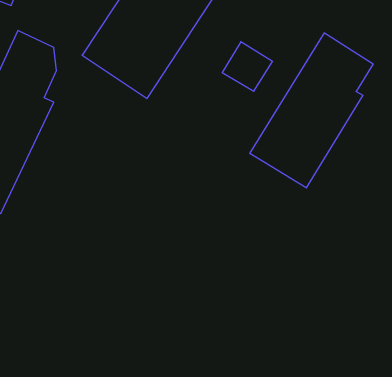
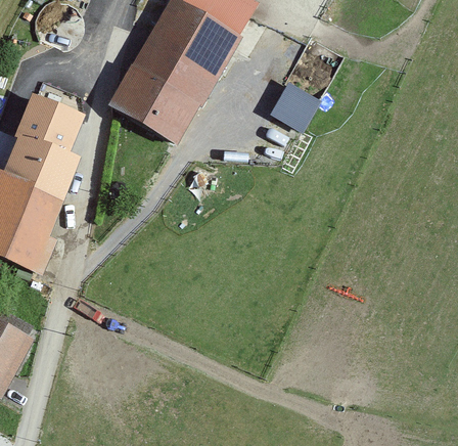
building: [250,33,373,188] -> none

